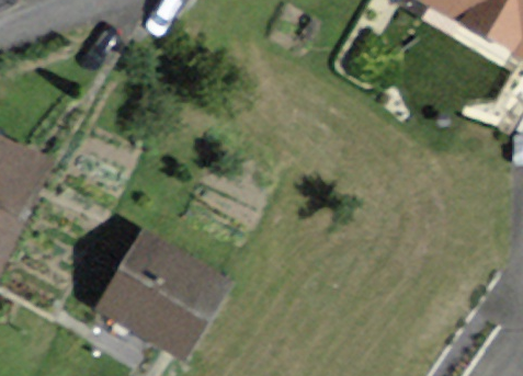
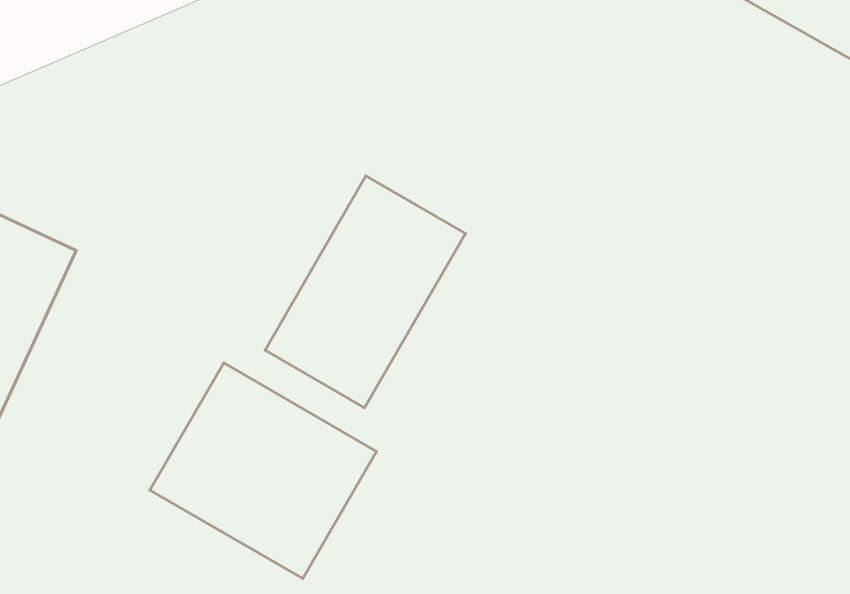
building: none -> [265,176,465,408]

